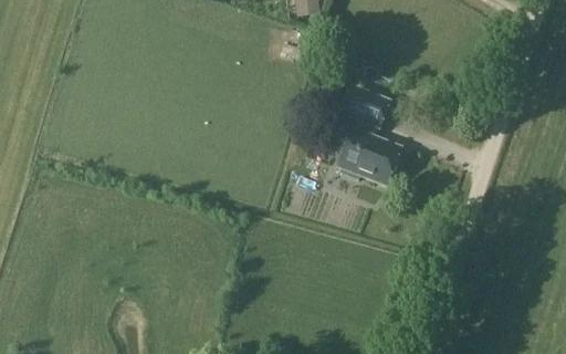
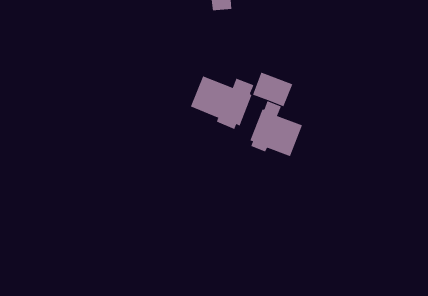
building: none -> [190,75,254,130]

